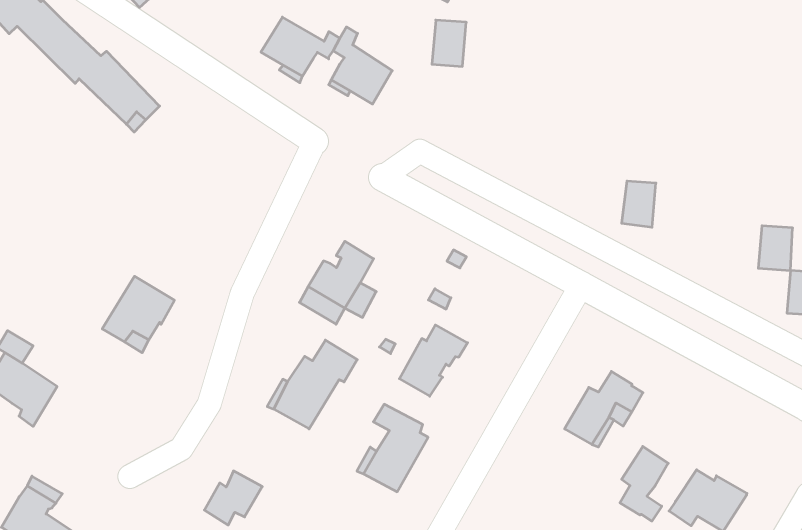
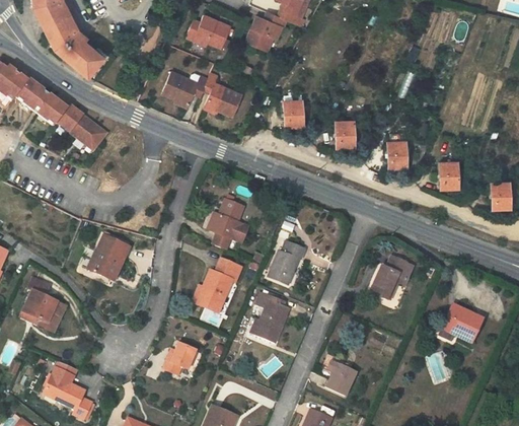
building: [432,20,466,66] -> [284,99,303,127]
building: none -> [336,121,355,147]
building: [758,226,793,271] -> [439,161,459,188]
building: [620,446,668,521] -> none

